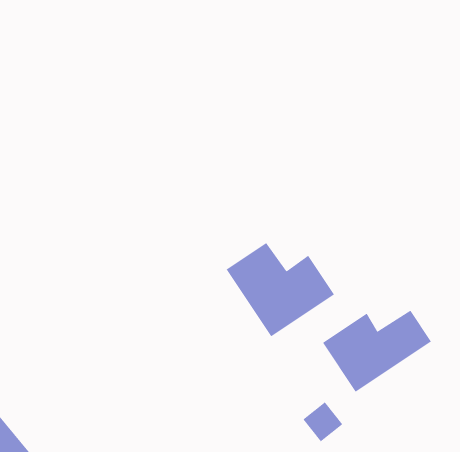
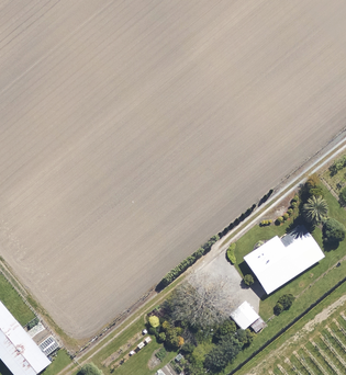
building: [226,242,335,337] -> none

